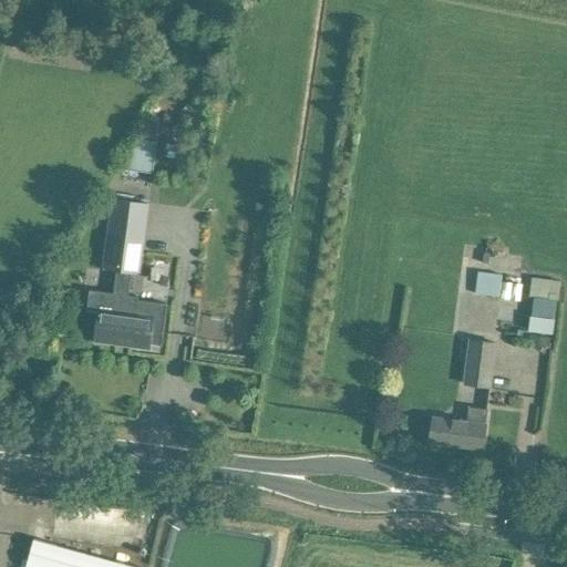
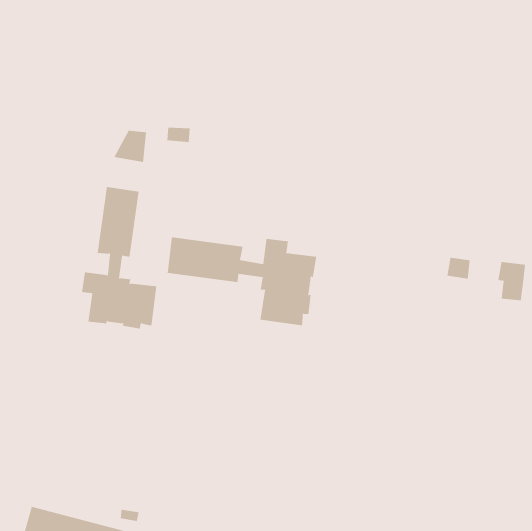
building: none -> [167,236,317,326]
building: [463,341,495,390] -> none
building: [430,408,487,450] -> none

